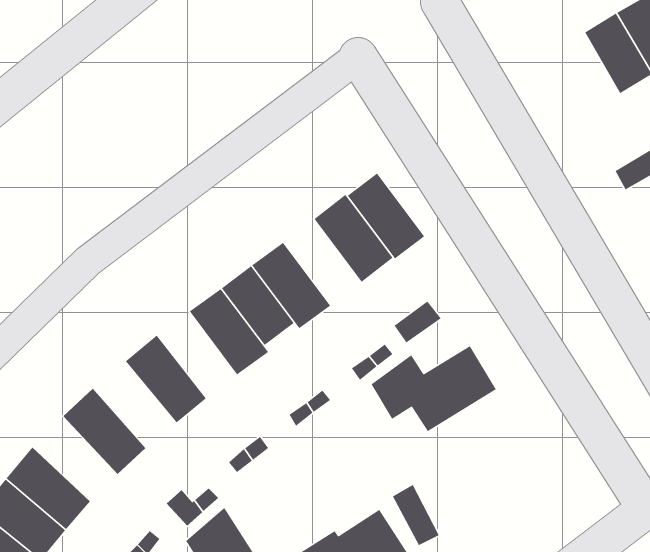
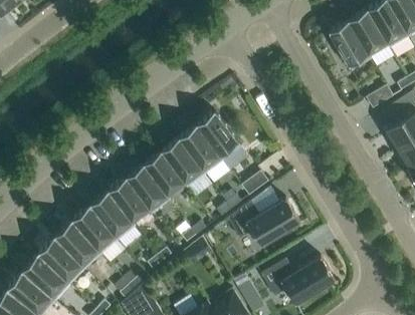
building: none -> [329,20,372,70]
building: [347,172,425,260] -> [179,125,223,175]
building: none -> [108,178,153,227]
building: none -> [71,206,119,255]
building: none -> [37,237,85,285]
building: none -> [261,257,336,305]

